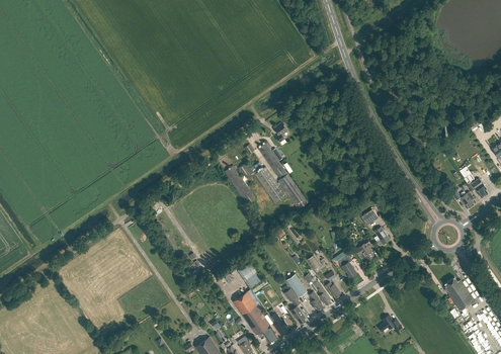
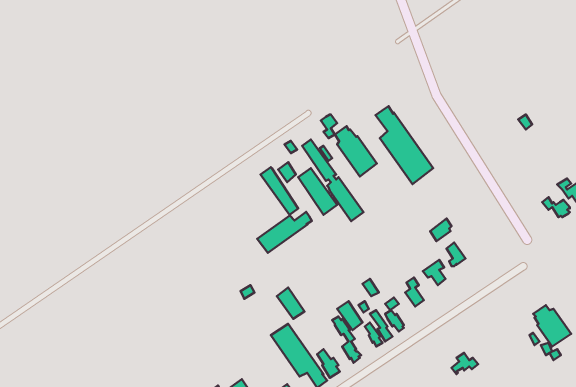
building: none -> [376,106,433,184]
building: none -> [335,126,377,176]
building: none -> [257,212,312,253]

